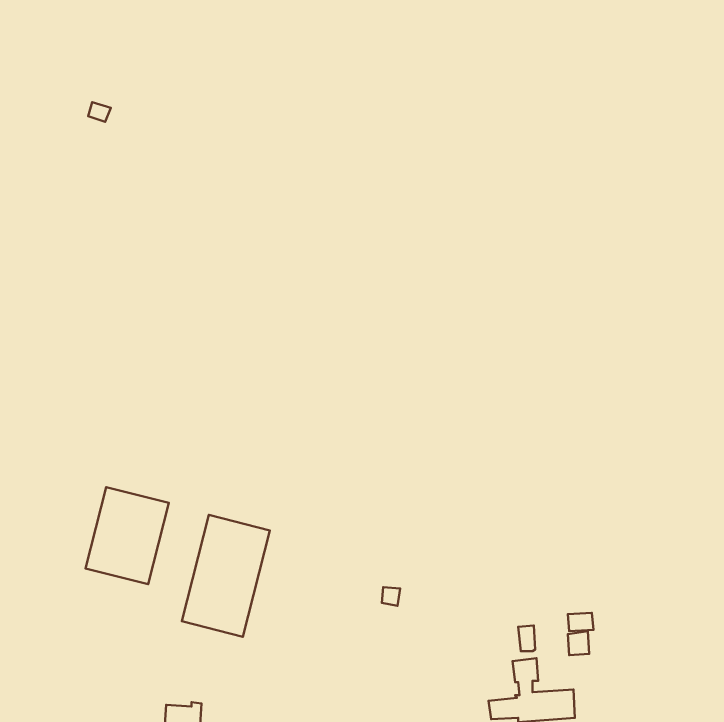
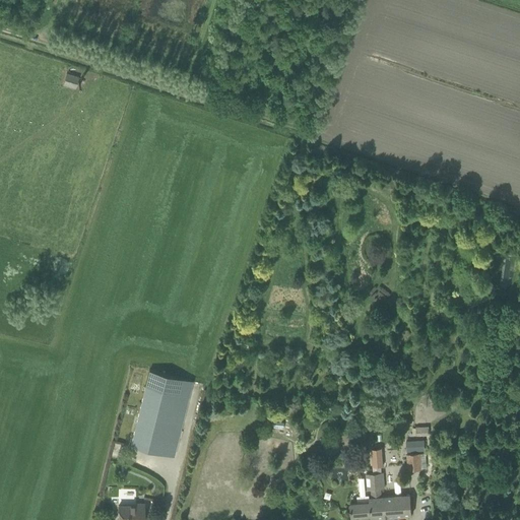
building: [86,487,169,584] -> none

